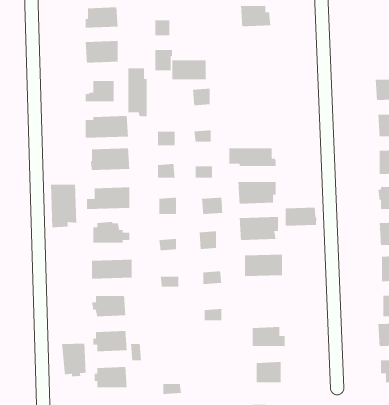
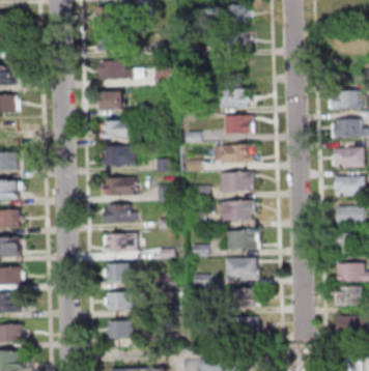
building: [172,59,207,80] -> [220,90,248,107]
building: [127,68,147,117] -> none
building: none -> [225,116,251,134]
building: [50,184,77,228] -> none
building: [285,207,317,226] -> none
building: none -> [226,258,255,279]
building: [61,343,86,377] -> none

